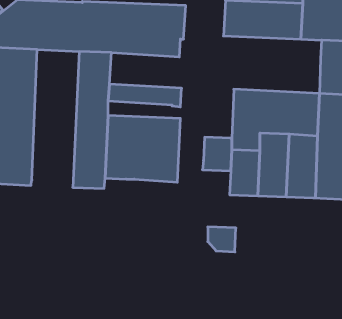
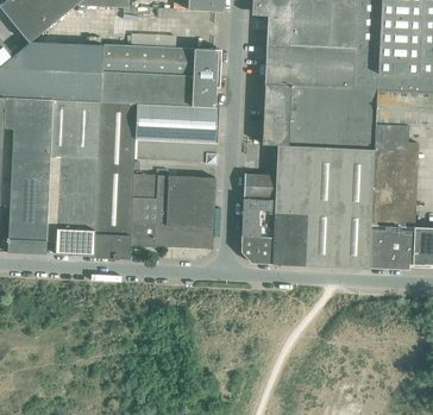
building: none -> [262,83,376,149]
building: none -> [46,99,100,256]
building: none -> [134,102,218,143]
building: none -> [243,172,274,200]
building: [208,227,236,252] -> [240,235,272,264]

